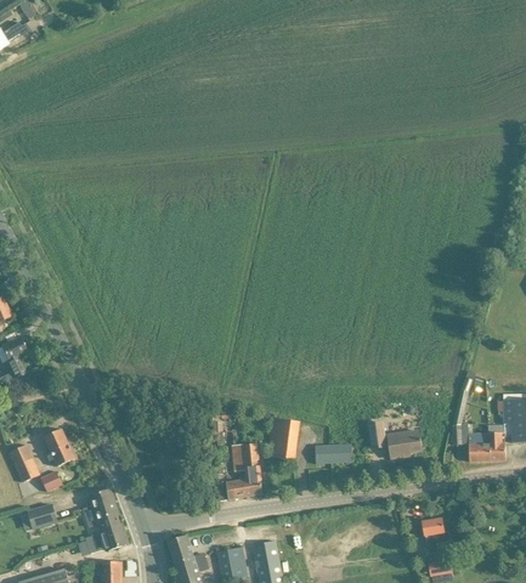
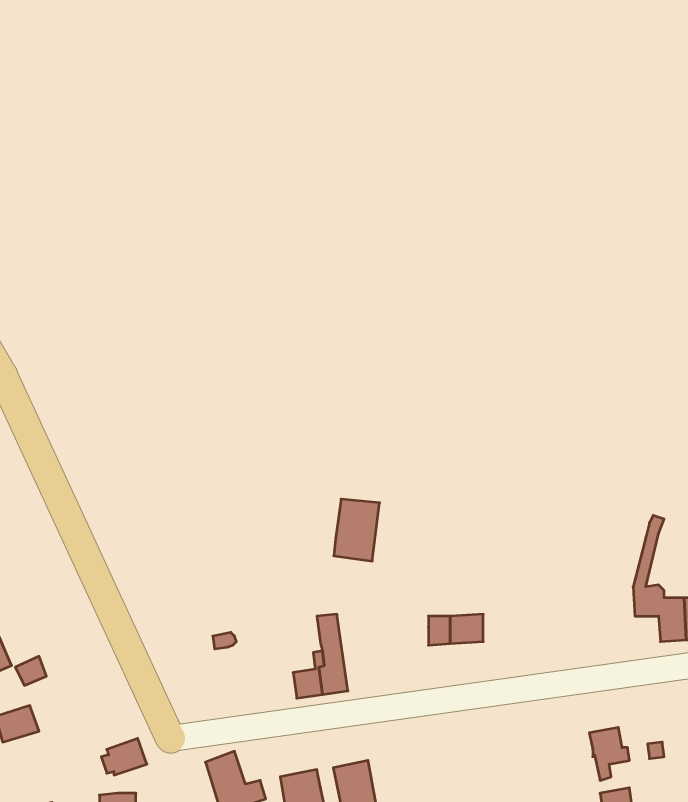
building: [268,418,299,459] -> [334,499,380,561]
building: [369,423,420,458] -> none
building: [44,429,75,466] -> none
building: [90,489,123,533] -> none

